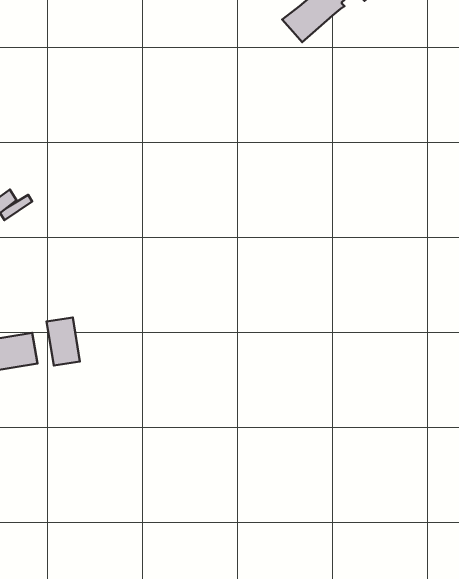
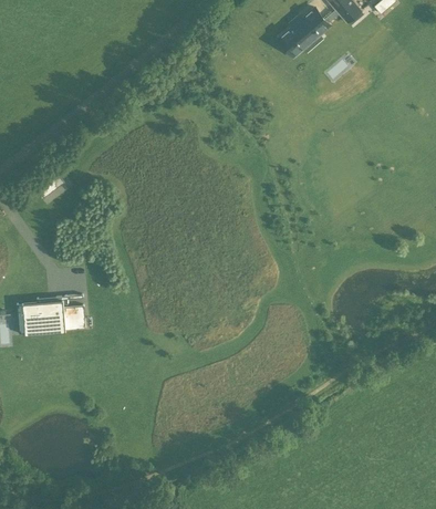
building: [47,318,80,365] -> none

